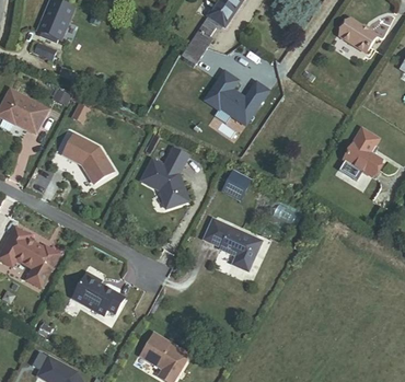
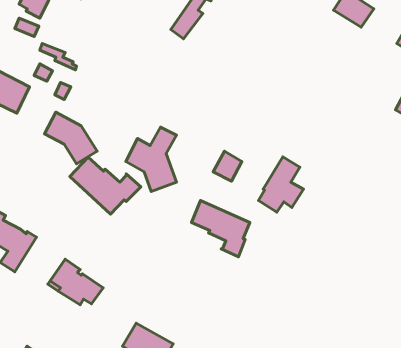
building: [206,69,270,125] -> none
building: [340,129,383,182] -> [259,157,303,212]
building: none -> [70,157,141,214]

